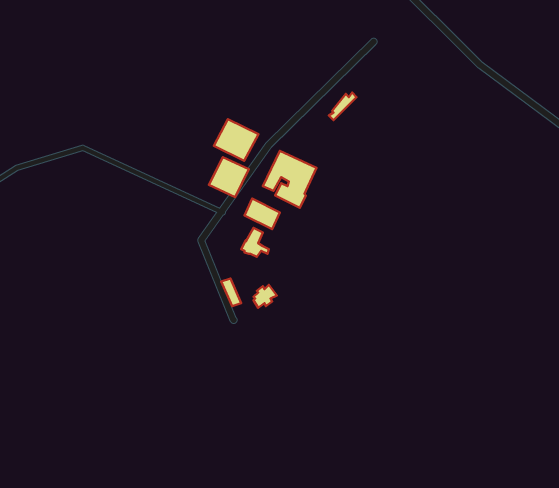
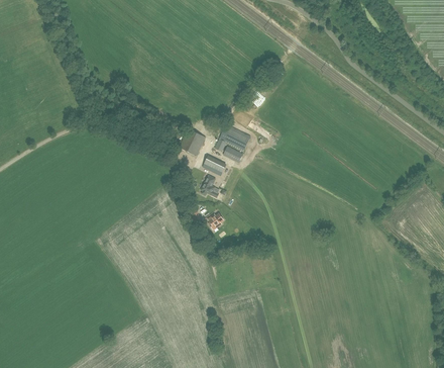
building: [214,119,258,161] -> none

